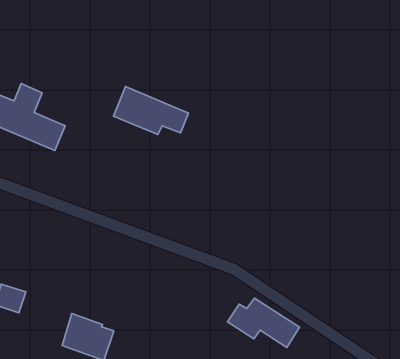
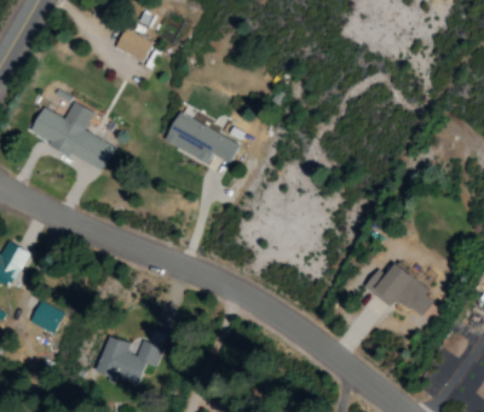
building: none -> [116,28,154,61]
building: [227,298,300,347] -> [365,264,438,316]

